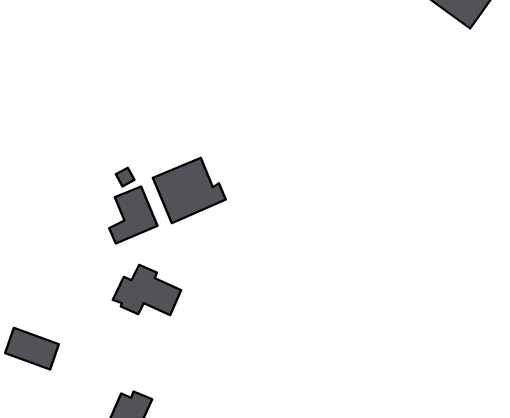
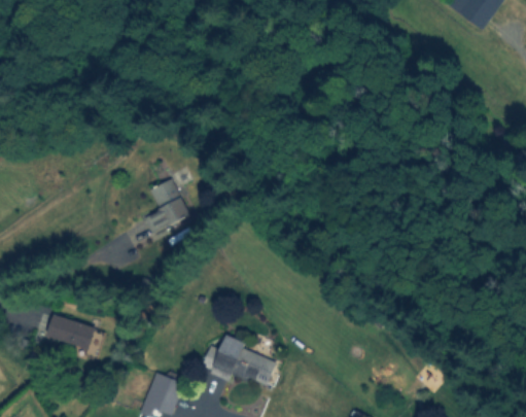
building: [153,158,226,223] -> none
building: [113,265,181,315] -> [201,336,265,383]

